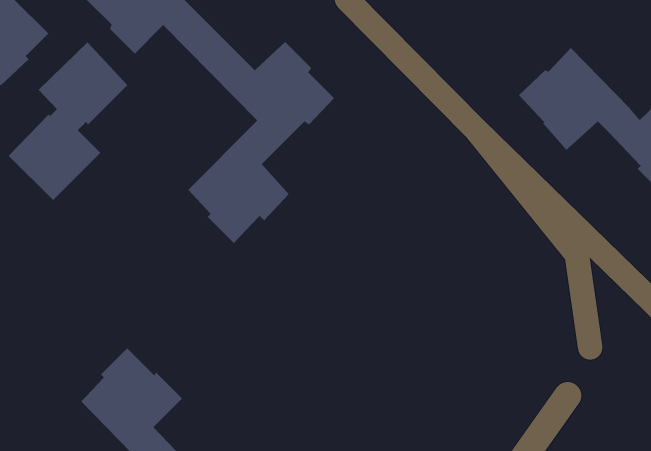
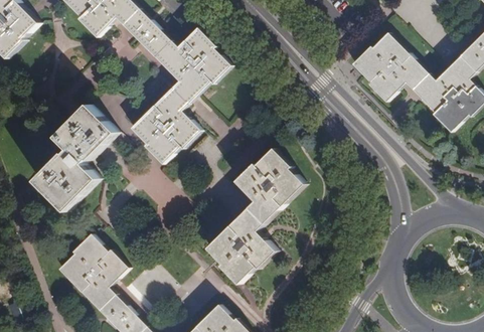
building: [8,42,128,201] -> [36,105,117,211]
building: none -> [207,148,304,285]

